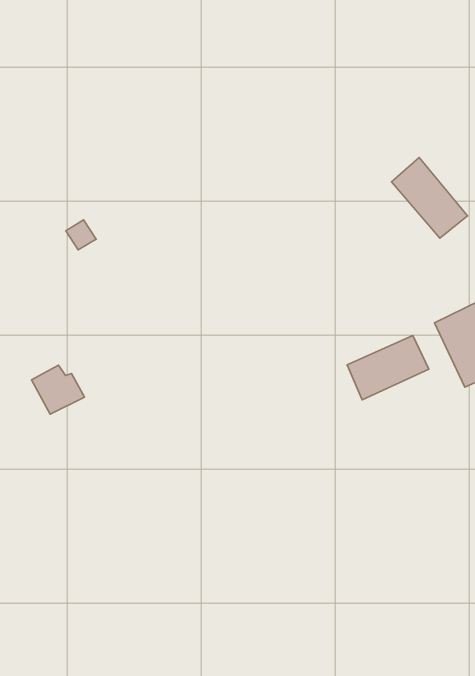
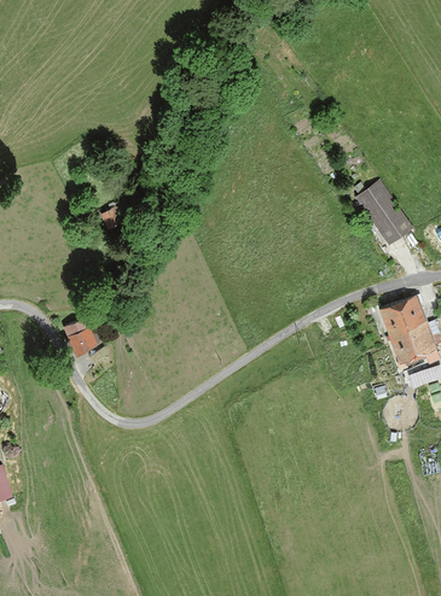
building: [347,336,429,400] -> none

